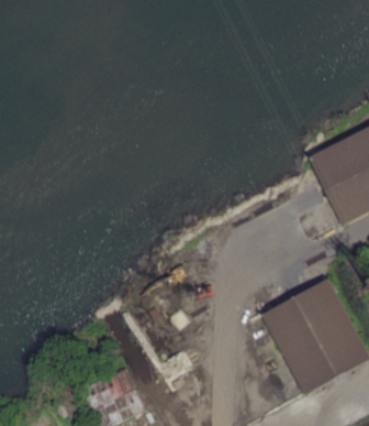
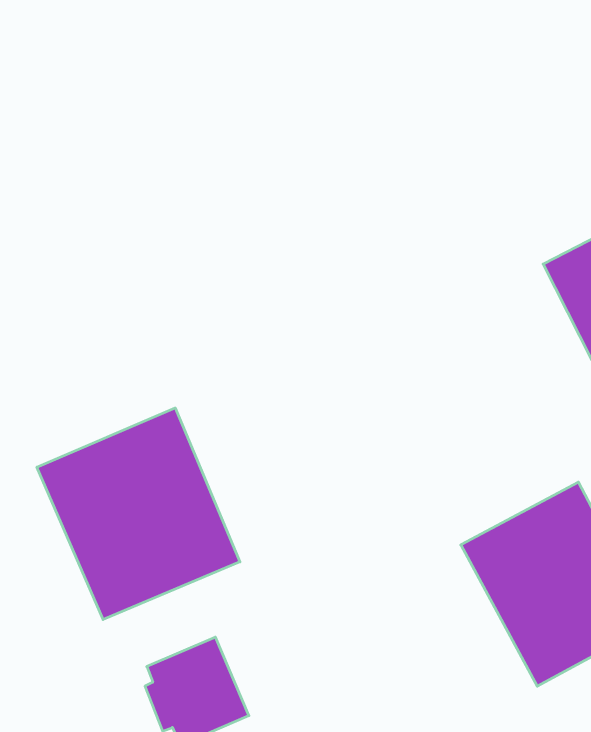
building: none -> [37,408,240,620]

